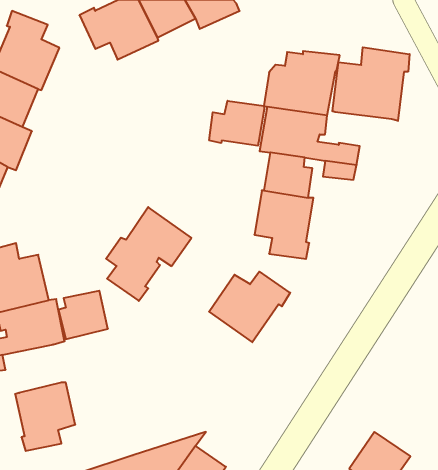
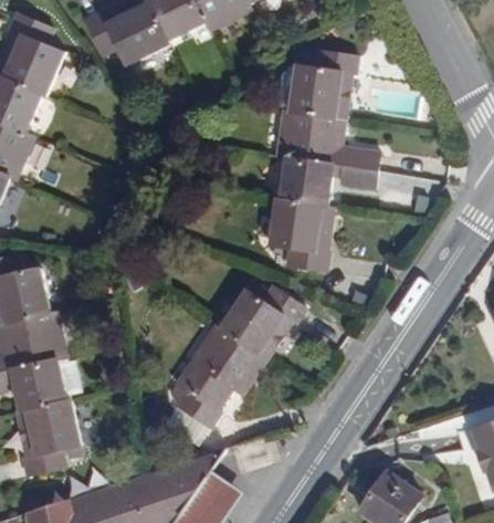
building: [332,47,410,121] -> none
building: [209,101,264,146] -> none
building: [106,207,191,301] -> [176,330,265,428]
building: [58,291,108,339] -> [13,364,65,415]

